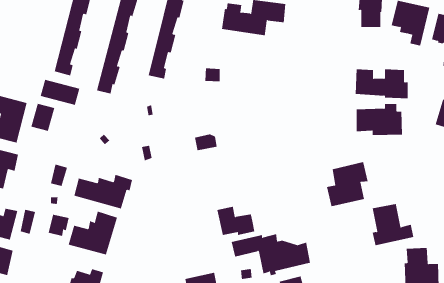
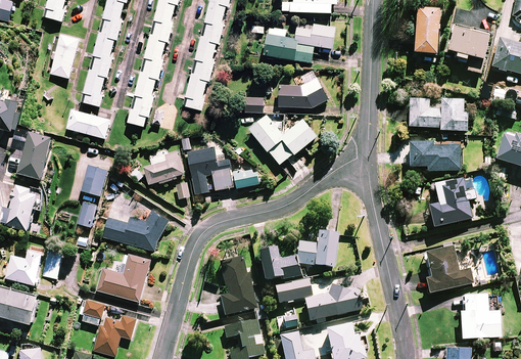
building: none -> [50,35,79,78]
building: none -> [277,77,328,107]
building: none -> [249,114,317,164]
building: [31,103,55,131] -> [81,165,107,195]
building: none -> [187,144,233,193]
building: none -> [144,149,184,184]
building: [326,162,369,207] -> [430,176,476,225]
building: none -> [296,231,337,267]
building: [48,214,69,237] -> [82,300,105,324]
building: none -> [220,257,256,315]

